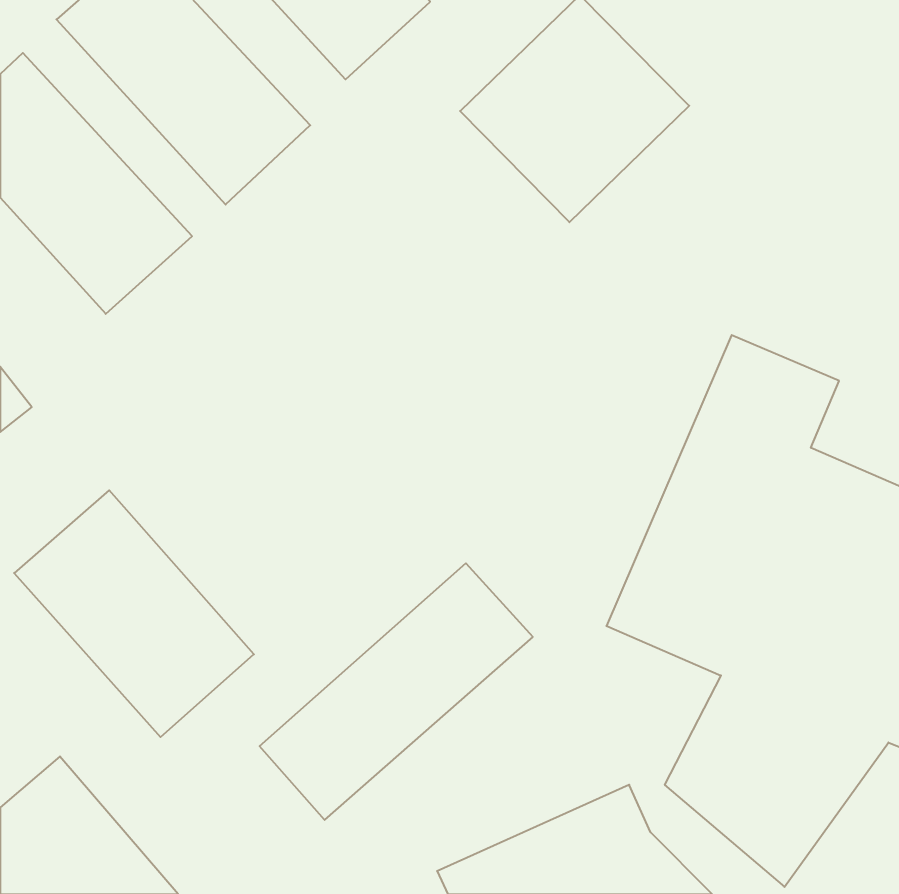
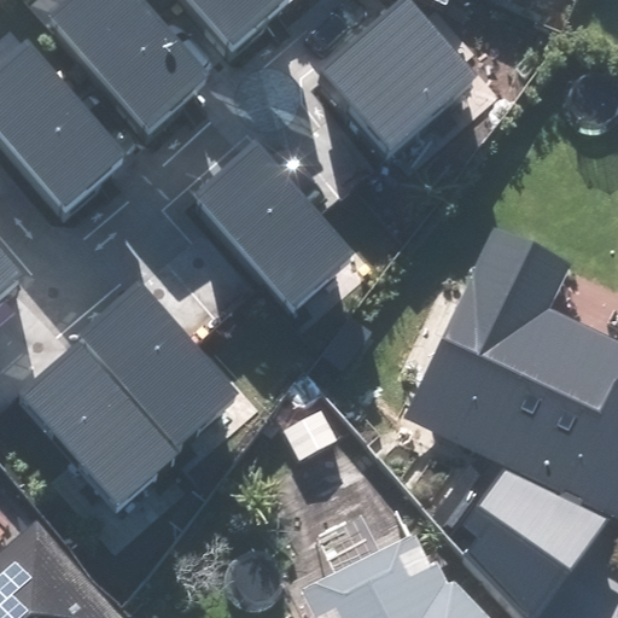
building: none -> [186,129,352,308]
building: none -> [76,286,232,448]
building: [260,563,533,820] -> none

